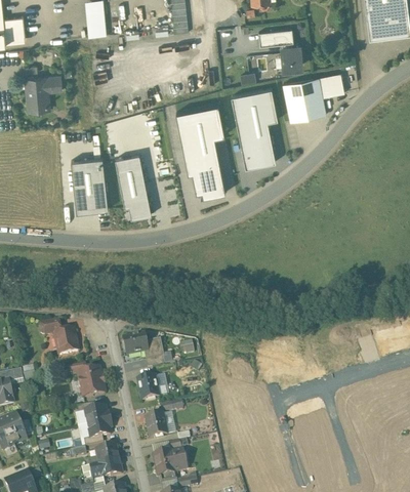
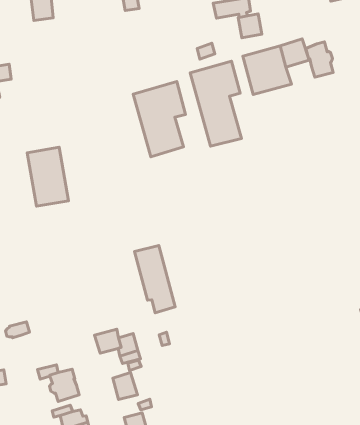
building: none -> [306,42,333,77]
building: [116,154,151,217] -> [134,245,175,313]
building: [193,165,225,196] -> none
building: [54,328,79,354] -> none

